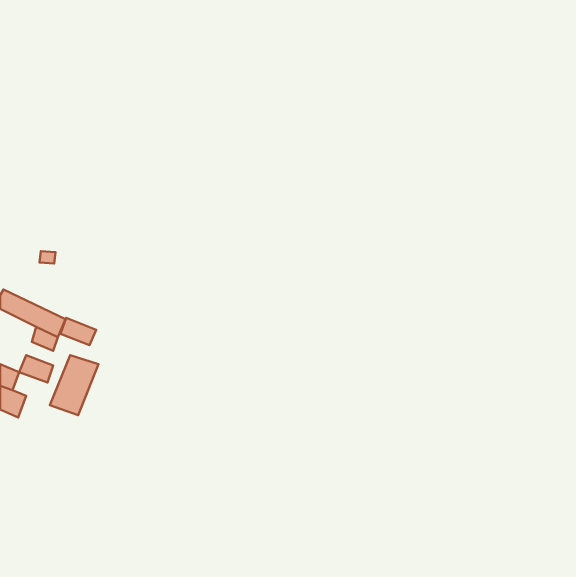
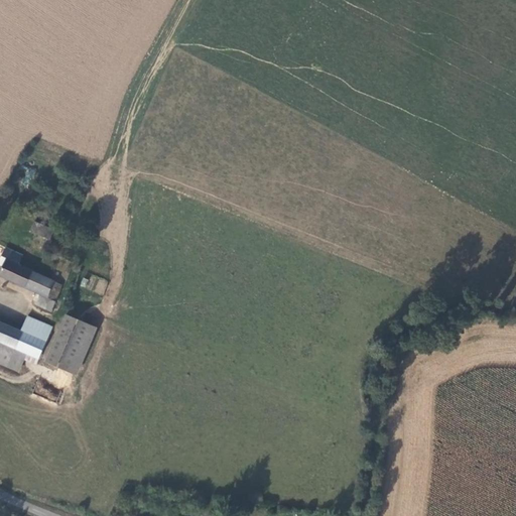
building: [60,318,96,345] -> none
building: none -> [13,332,44,358]

